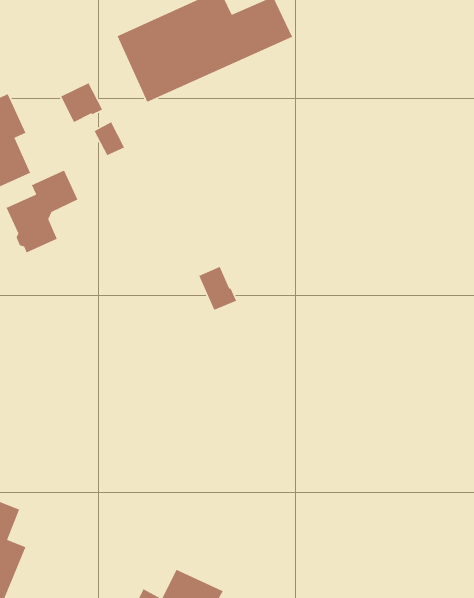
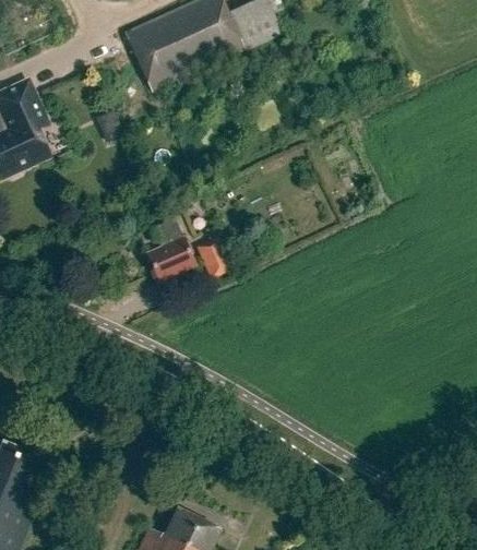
building: [60,82,103,123] -> none
building: [5,170,78,254] -> none
building: none -> [146,219,195,283]

